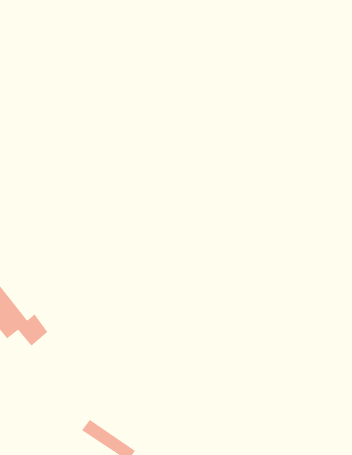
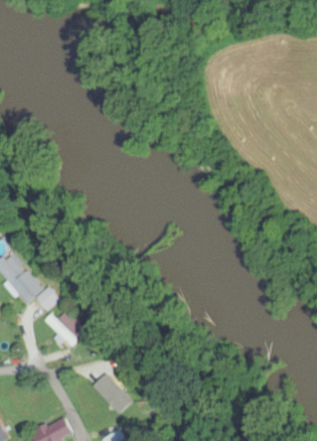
building: none -> [44,309,87,348]

